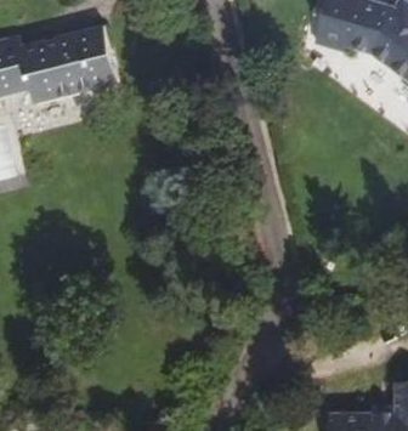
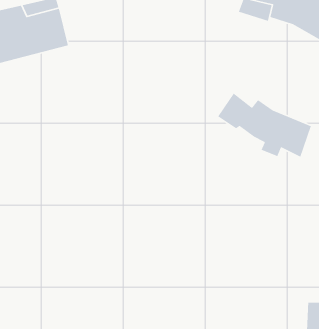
building: none -> [217,93,312,158]

